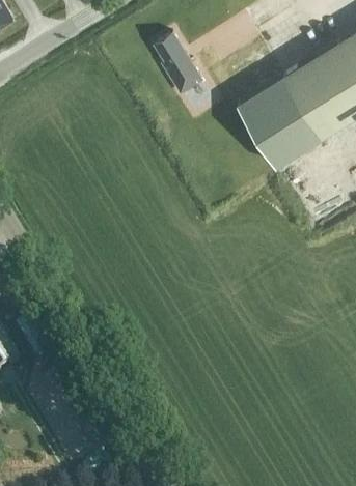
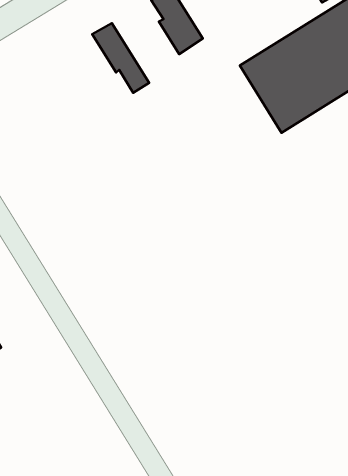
building: none -> [92,23,149,93]

